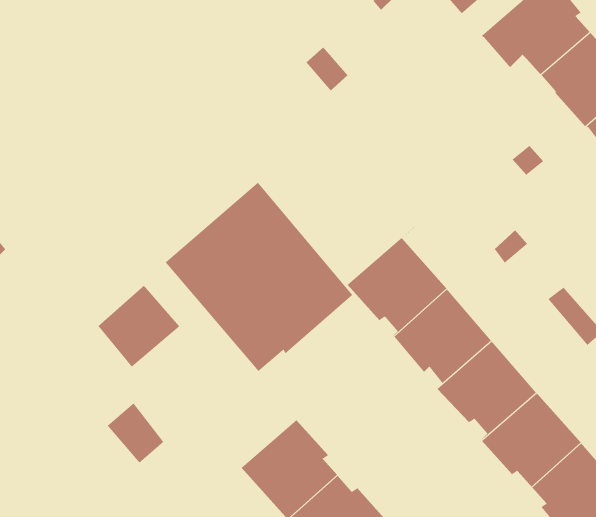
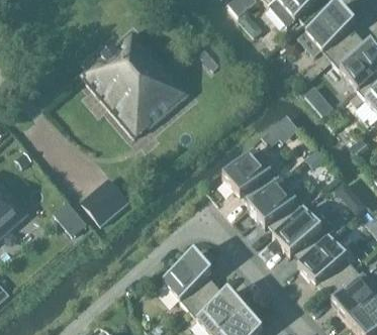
building: none -> [261,113,298,144]
building: [165,182,353,372] -> [82,28,188,135]
building: [107,402,164,463] -> [53,201,85,235]

